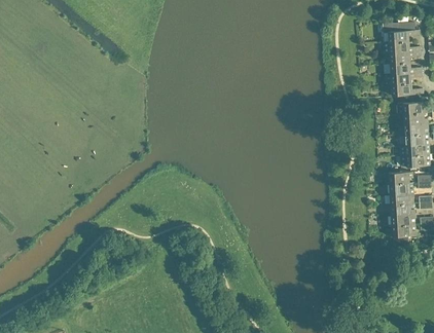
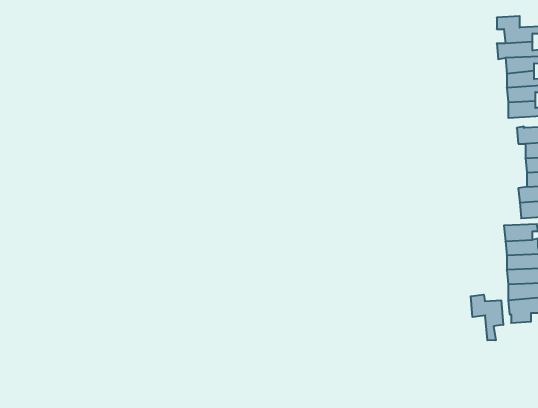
building: none -> [471,295,503,340]

